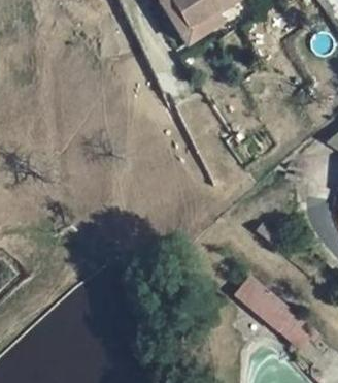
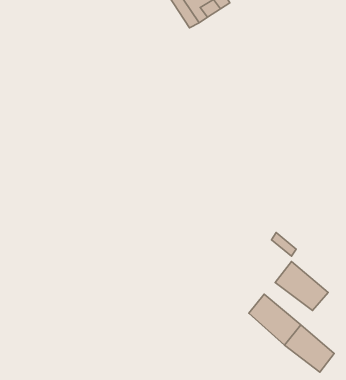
building: none -> [275,262,328,311]

